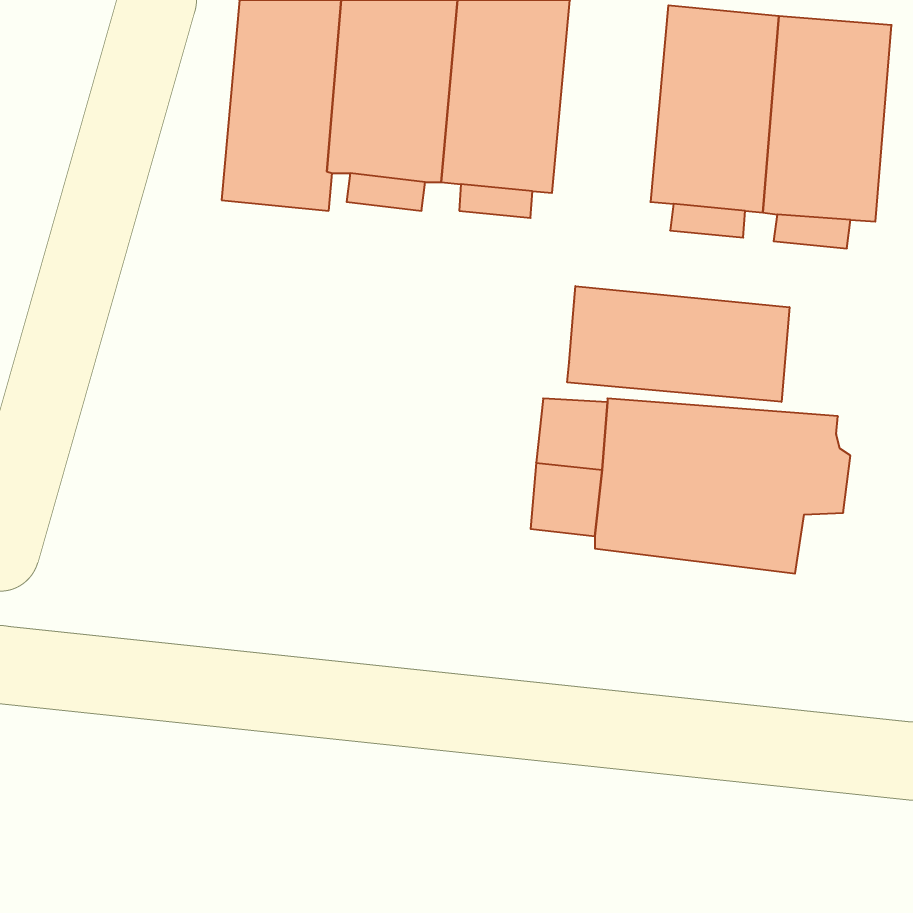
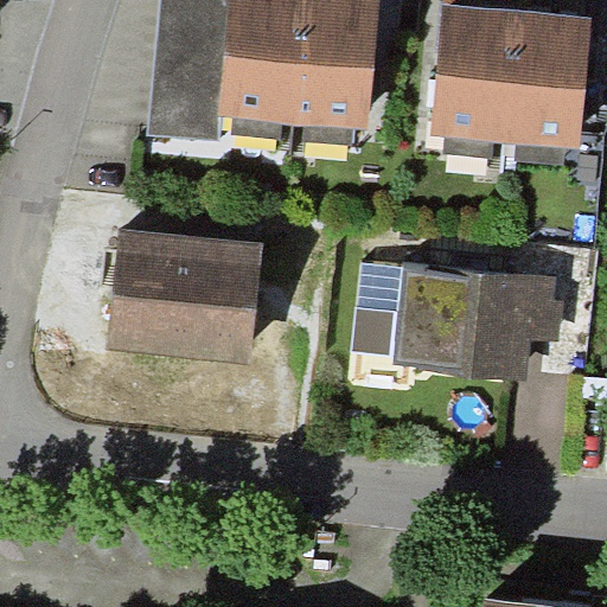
building: [567,286,789,402] -> none
building: none -> [108,229,263,363]

